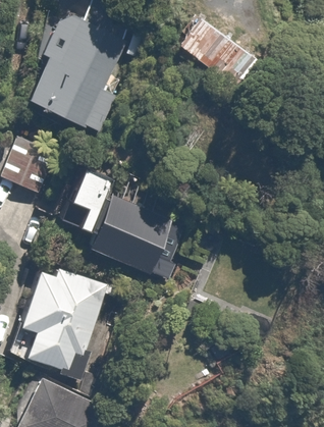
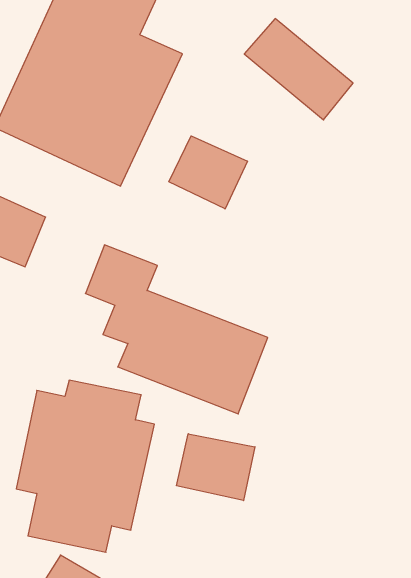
building: none -> [169,136,247,209]
building: none -> [177,434,255,501]

